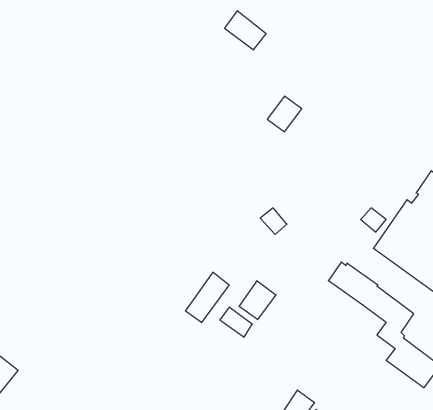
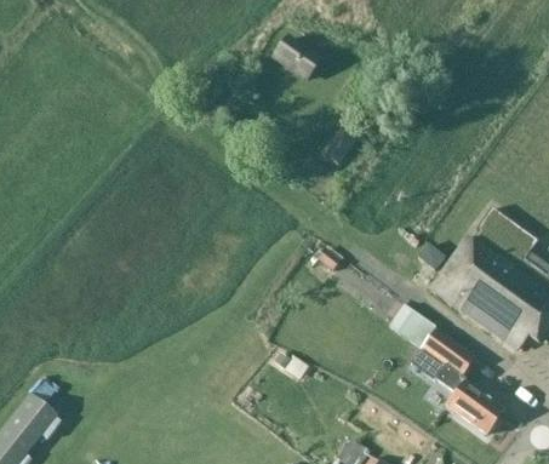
building: [186,272,229,323] -> none
building: [239,281,276,320] -> none

